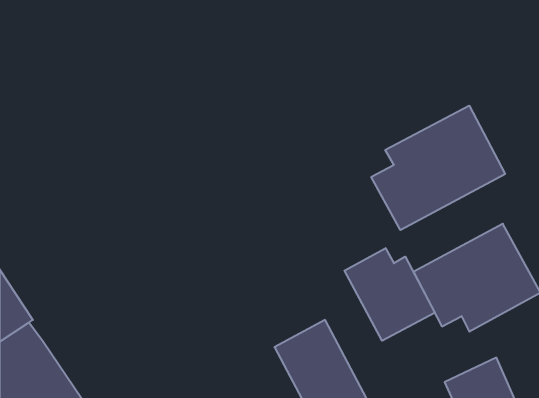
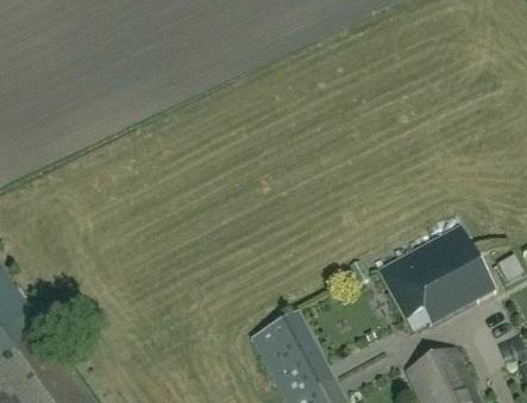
building: [371,106,505,230] -> none
building: [344,248,435,341] -> none

